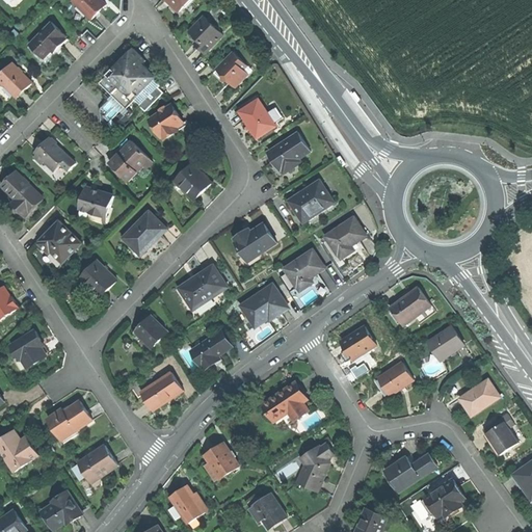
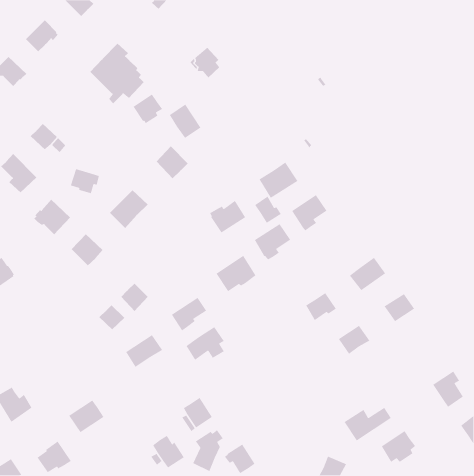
building: [187,16,220,52] -> none
building: [238,98,274,137] -> [169,103,201,139]
building: [267,131,309,172] -> none
building: [108,140,151,180] -> none
building: none -> [254,195,282,224]
building: [177,264,225,309] -> none
building: [9,329,45,367] -> none
building: none -> [98,304,125,330]
building: [457,378,499,416] -> none
building: [262,381,305,420] -> [186,326,225,361]
building: [46,400,90,442] -> none
building: [296,443,331,490] -> [192,429,224,472]

